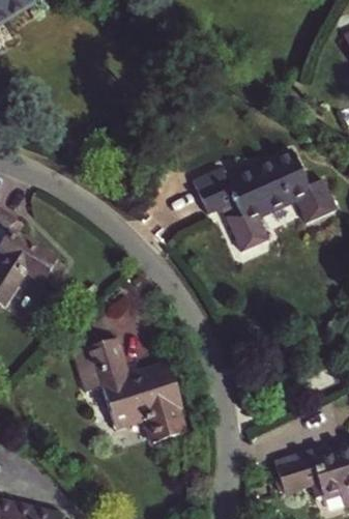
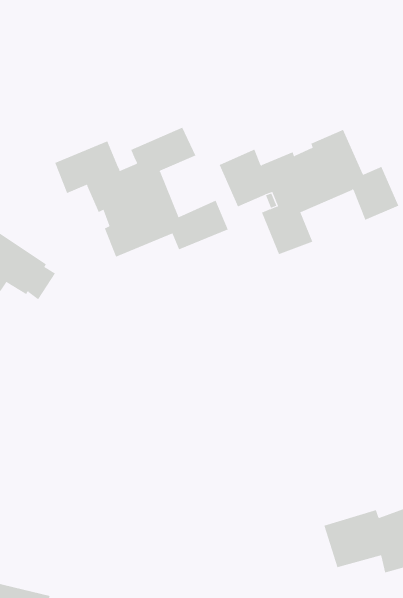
building: none -> [55,127,228,257]
building: [74,338,183,442] -> none

